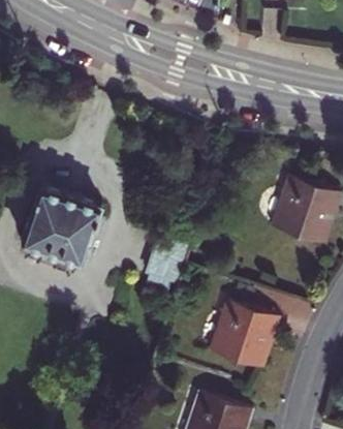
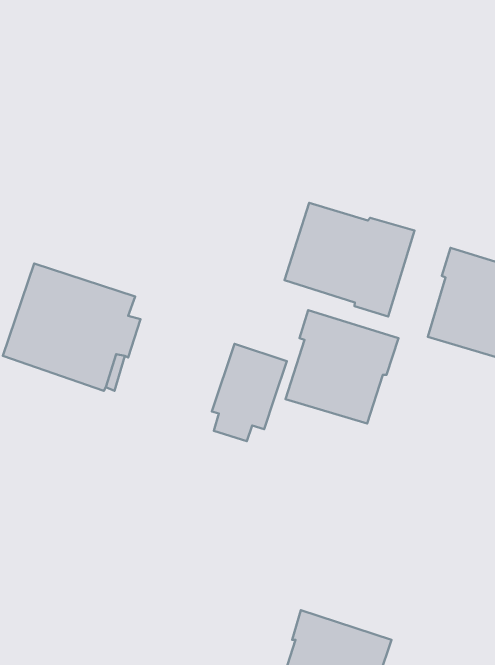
building: none -> [284,203,414,316]
building: [212,301,279,368] -> [285,310,399,423]

